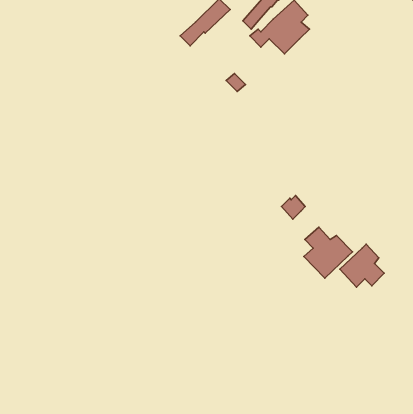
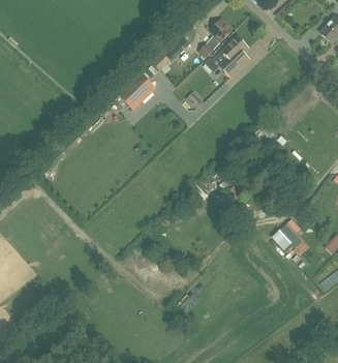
building: none -> [120,74,157,109]
building: [304,227,352,278] -> none

